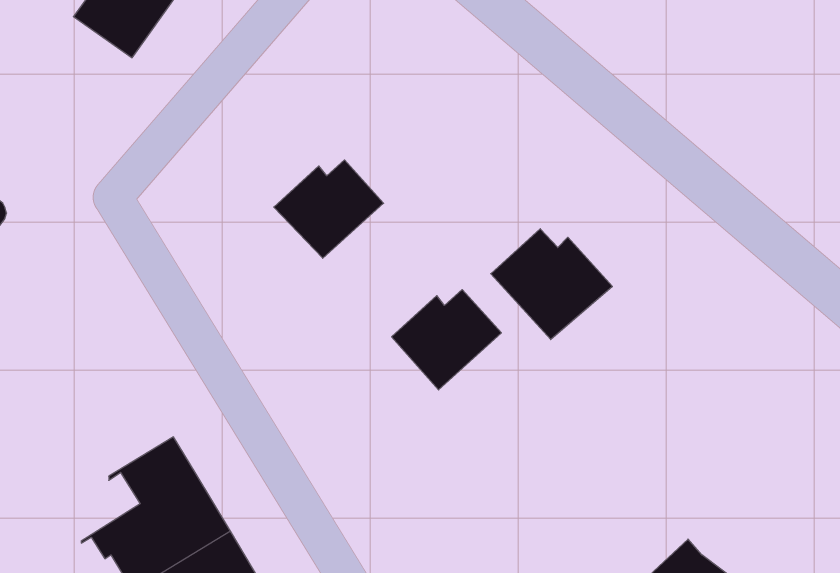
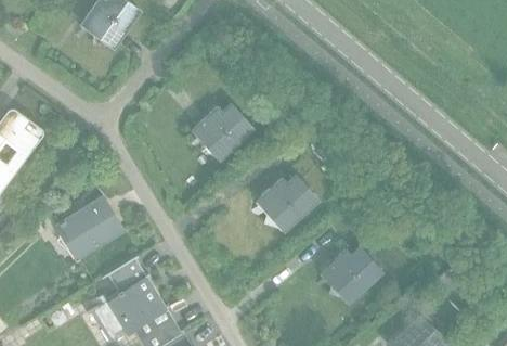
building: [491,229,612,340] -> none
building: none -> [58,197,123,259]
building: none -> [322,247,382,303]

